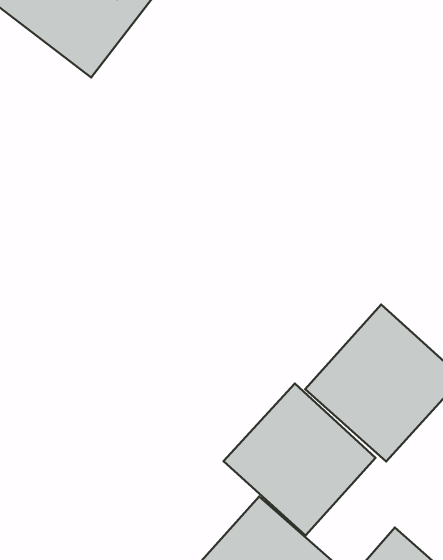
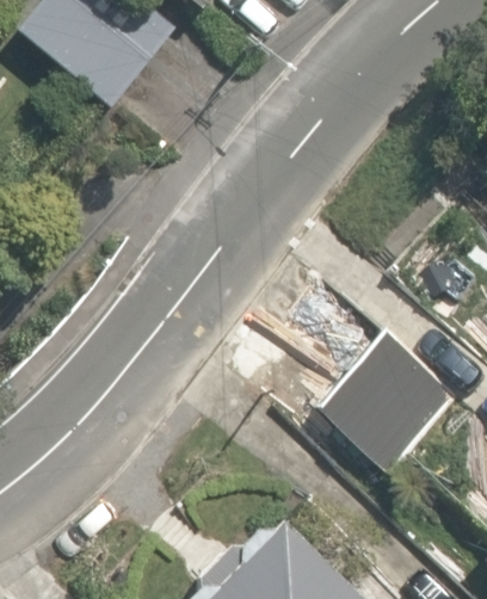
building: [224,383,376,535] -> none

